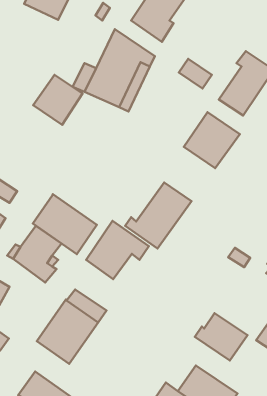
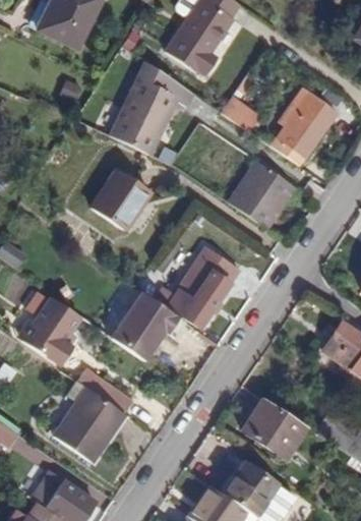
building: [33,75,83,125] -> [93,169,152,229]
building: [33,194,97,254] -> none

